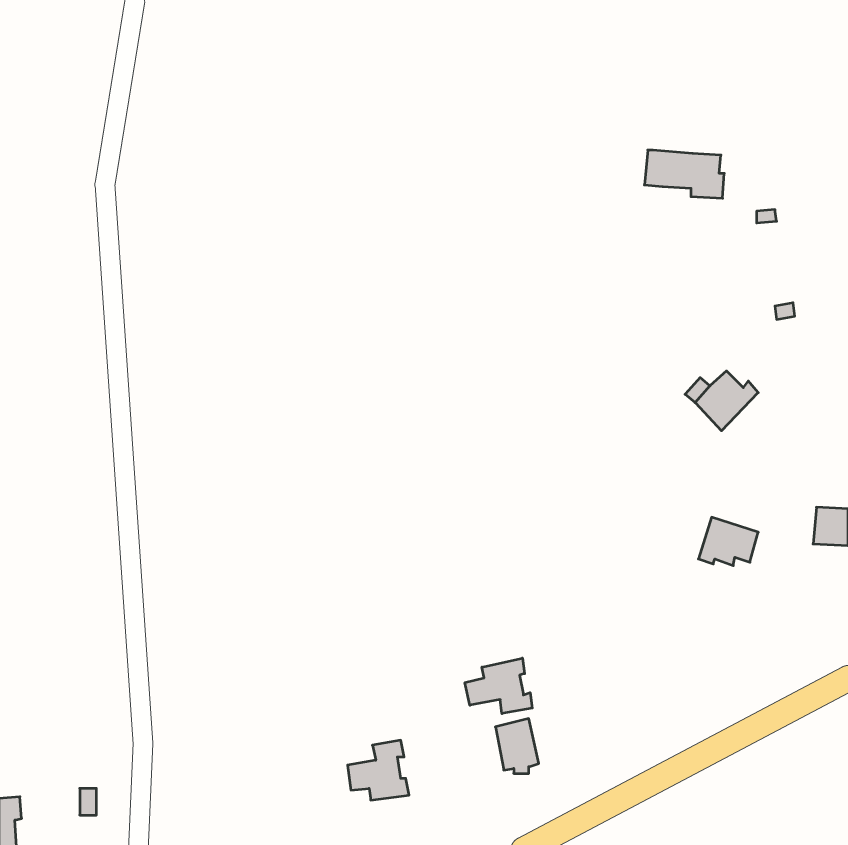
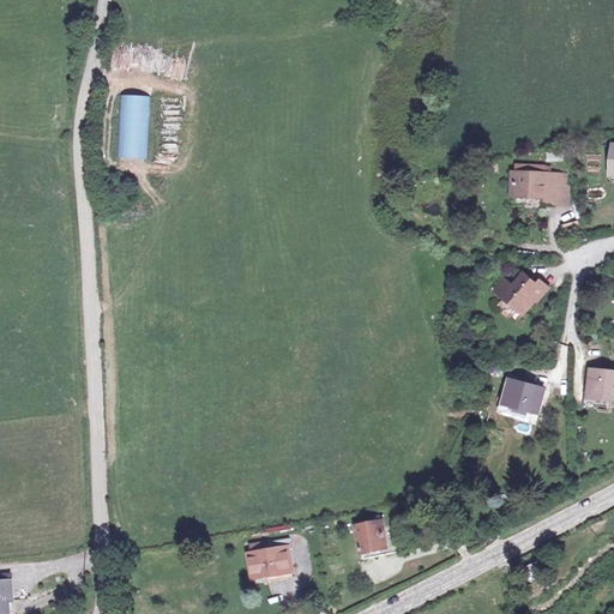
building: none -> [115,95,145,157]
building: [644,150,724,198] -> [507,169,565,204]
building: [465,658,532,714] -> none

